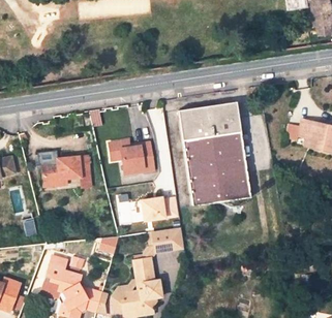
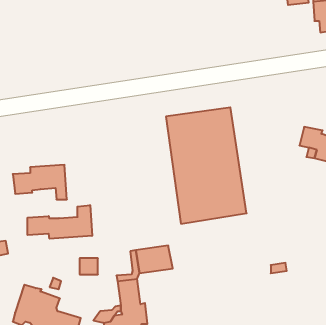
building: [121,146,155,174] -> none
building: none -> [28,205,92,239]
building: [141,196,179,220] -> none

